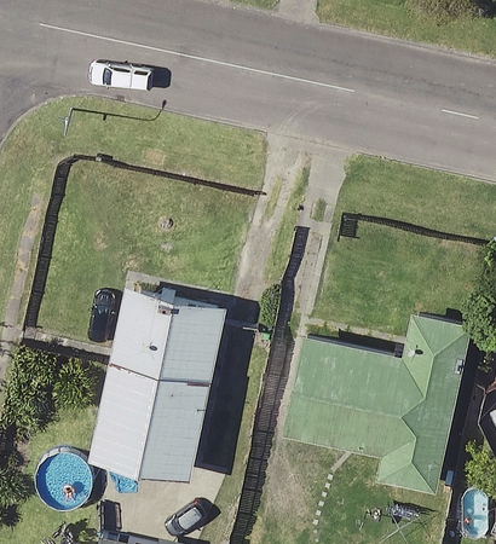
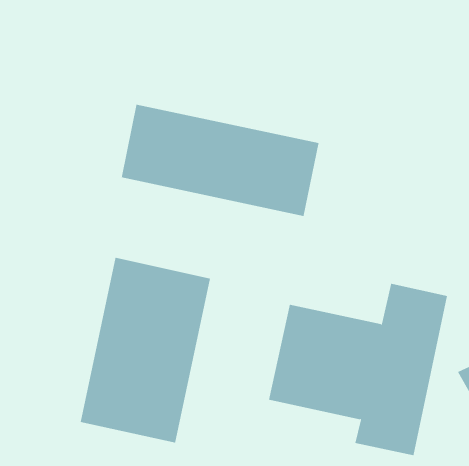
building: none -> [121,104,319,217]

